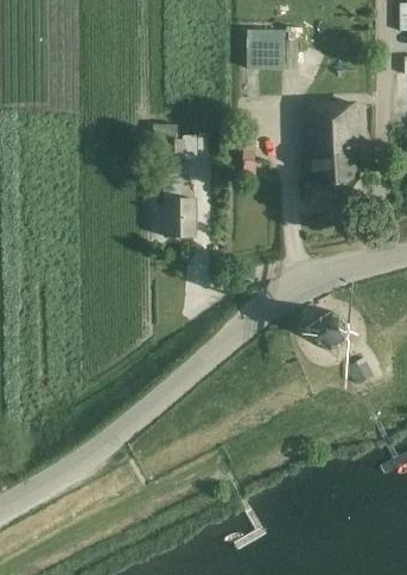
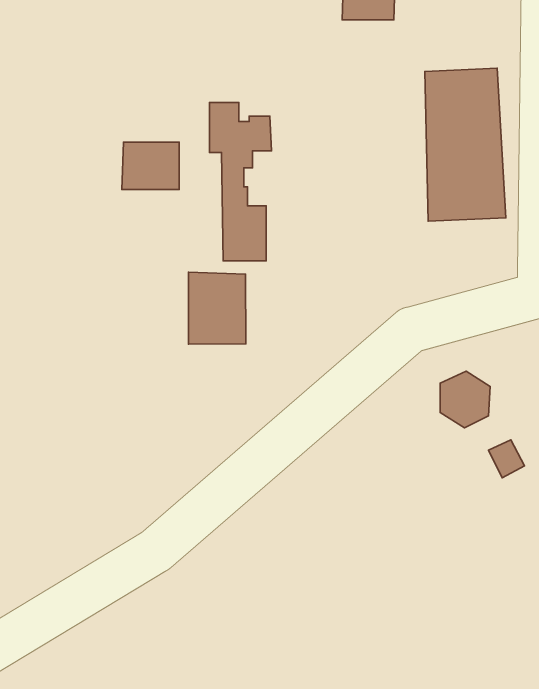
building: none -> [122,142,179,189]
building: none -> [188,272,246,344]

